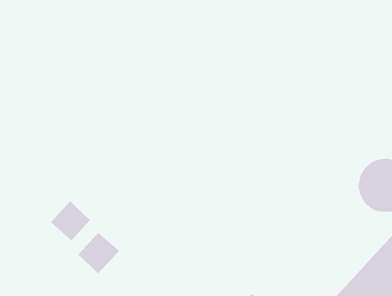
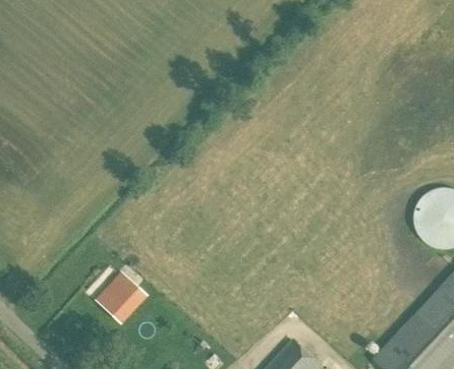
building: [50,201,91,241] -> none

